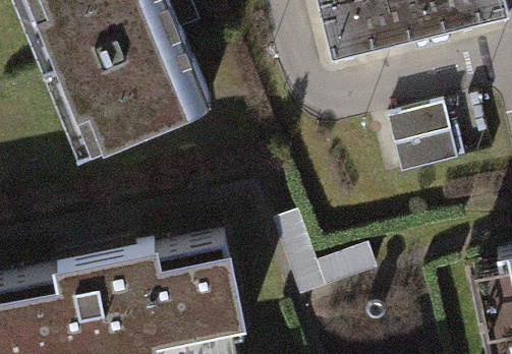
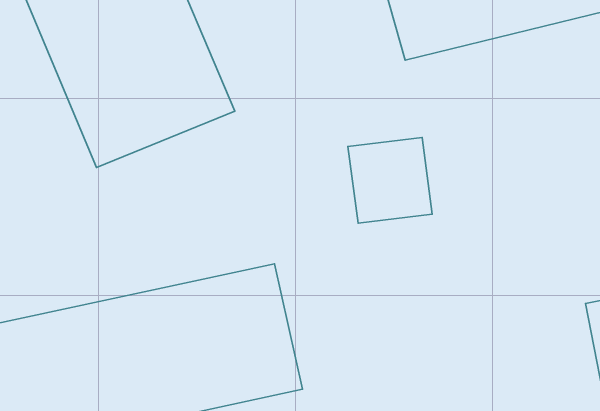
building: [398,100,465,168] -> [348,137,432,223]

